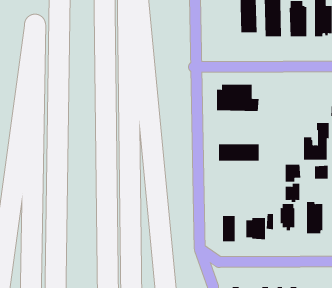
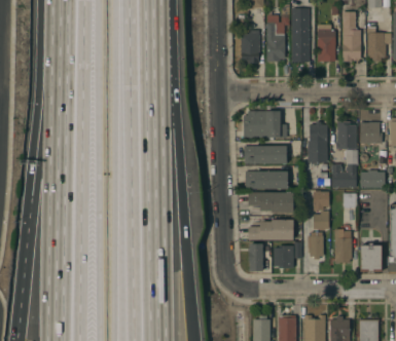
building: none -> [241,30,259,60]
building: none -> [308,121,327,162]
building: none -> [335,121,356,149]
building: none -> [244,145,286,163]
building: none -> [248,191,293,213]
building: none -> [247,219,293,239]

